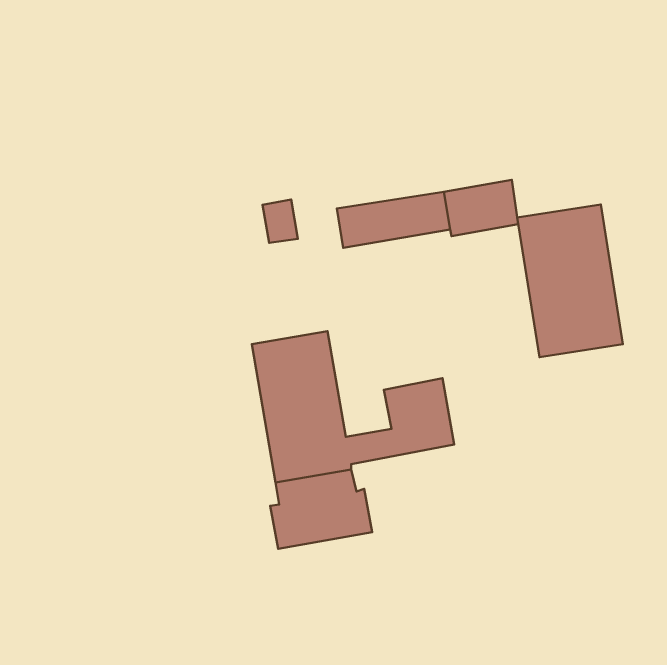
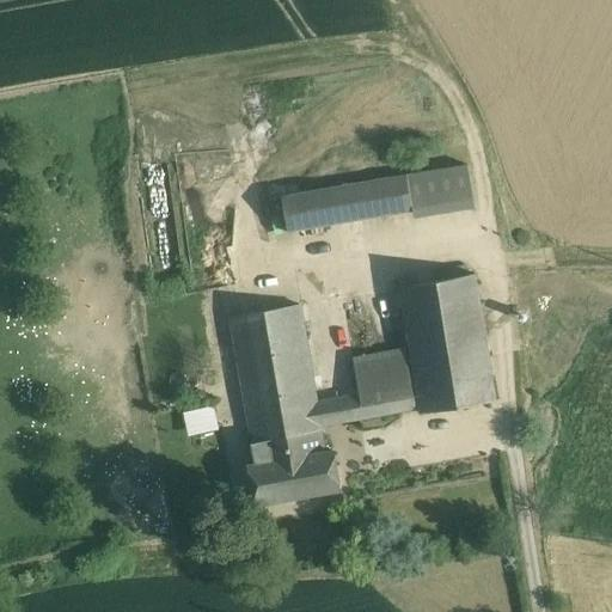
building: [263,200,298,243] -> [282,191,314,231]
building: [517,205,623,357] -> [399,273,496,412]

